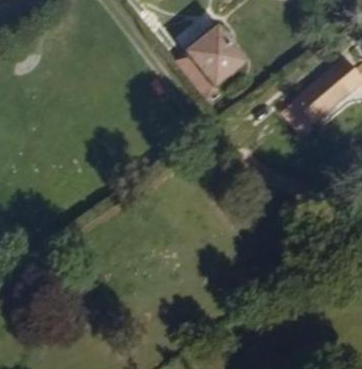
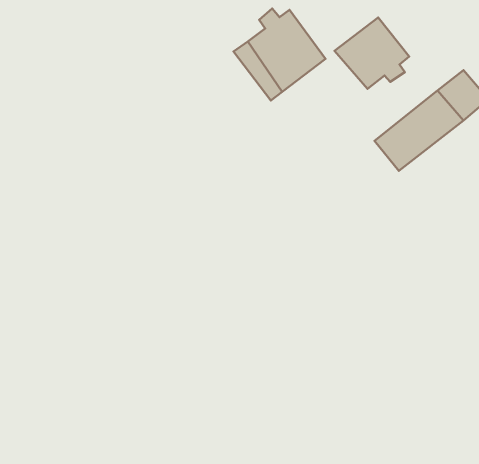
building: none -> [335,17,409,89]

